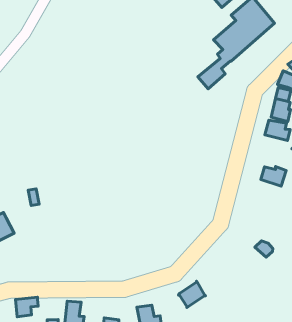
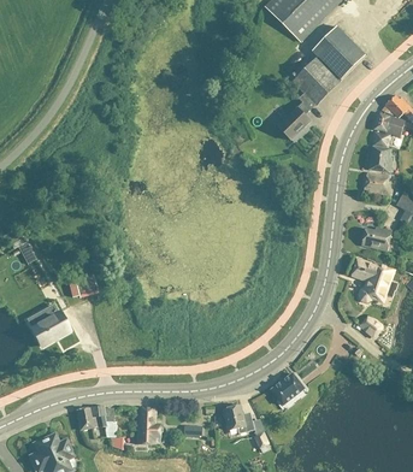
building: none -> [352,259,390,301]

